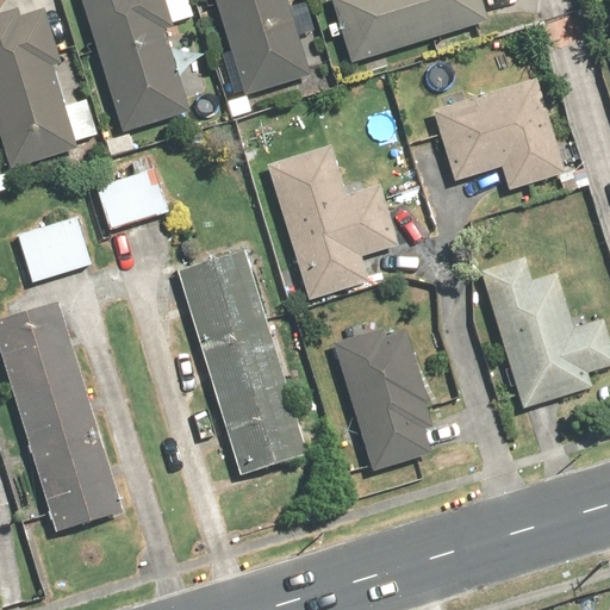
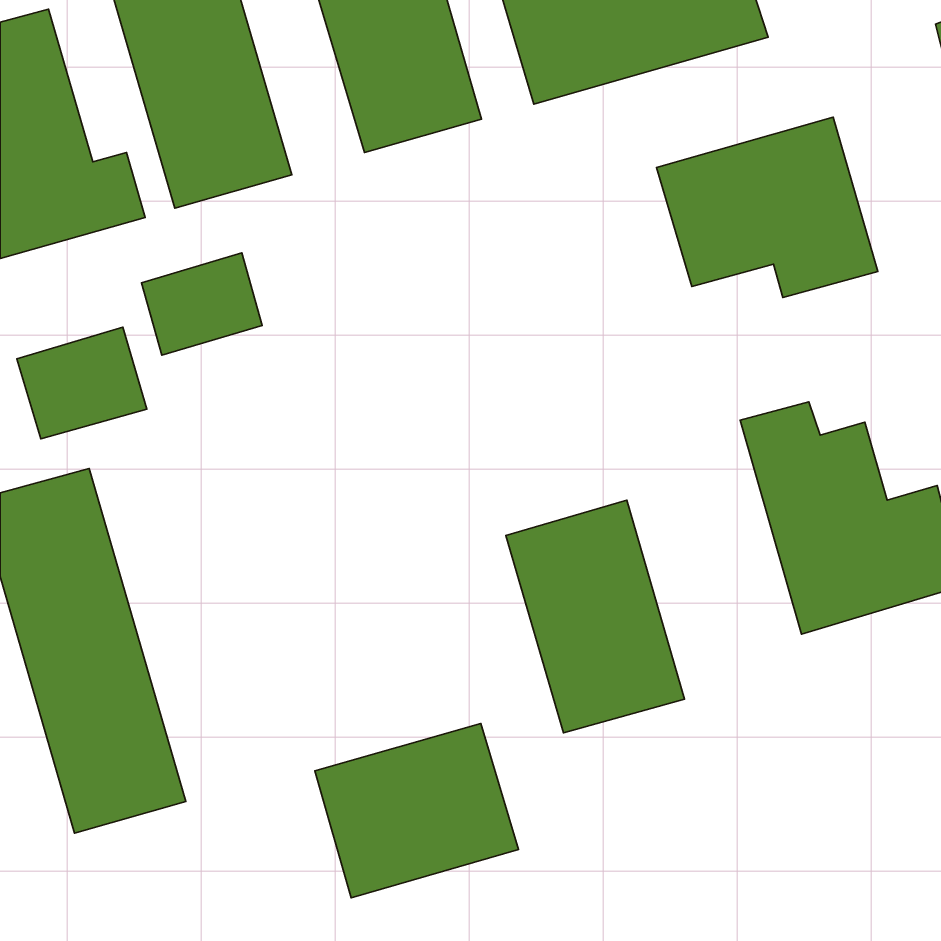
building: [263,142,403,301] -> none
building: [176,249,306,480] -> none
building: none -> [315,723,519,898]

